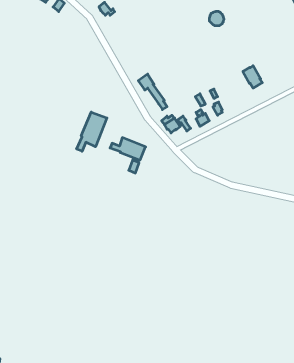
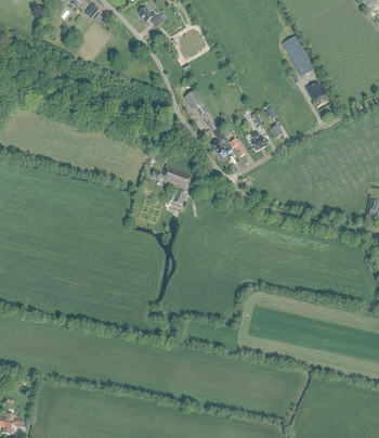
building: none -> [283,34,315,75]
building: [77,112,107,151] -> none

